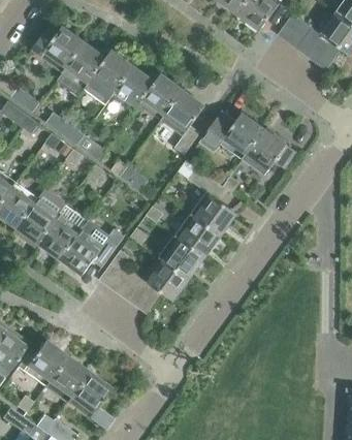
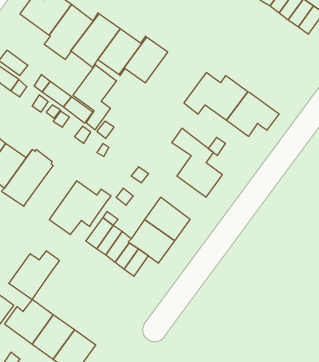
building: [160,89,204,155] -> [73,65,116,130]
building: [38,210,90,259] -> [9,251,59,299]
building: [175,215,222,259] -> none

